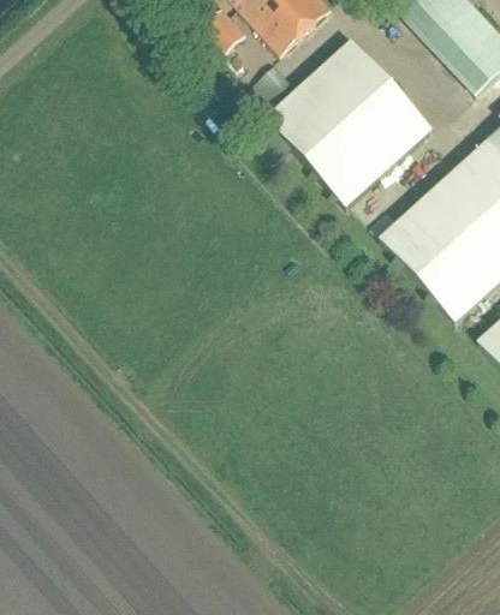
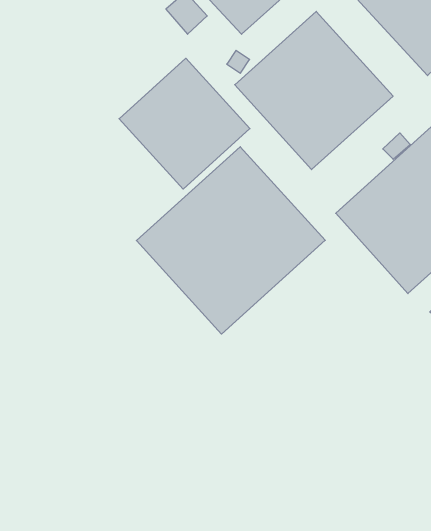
building: none -> [119,58,250,189]
building: none -> [136,147,325,334]

